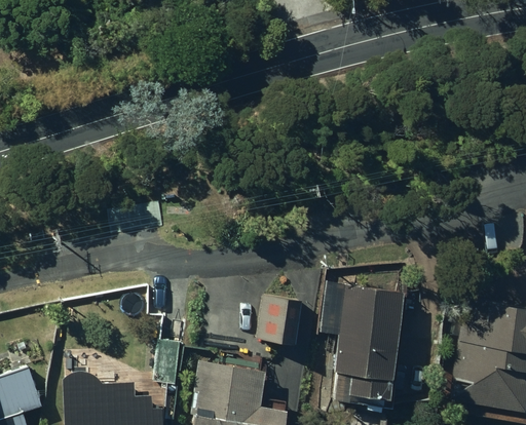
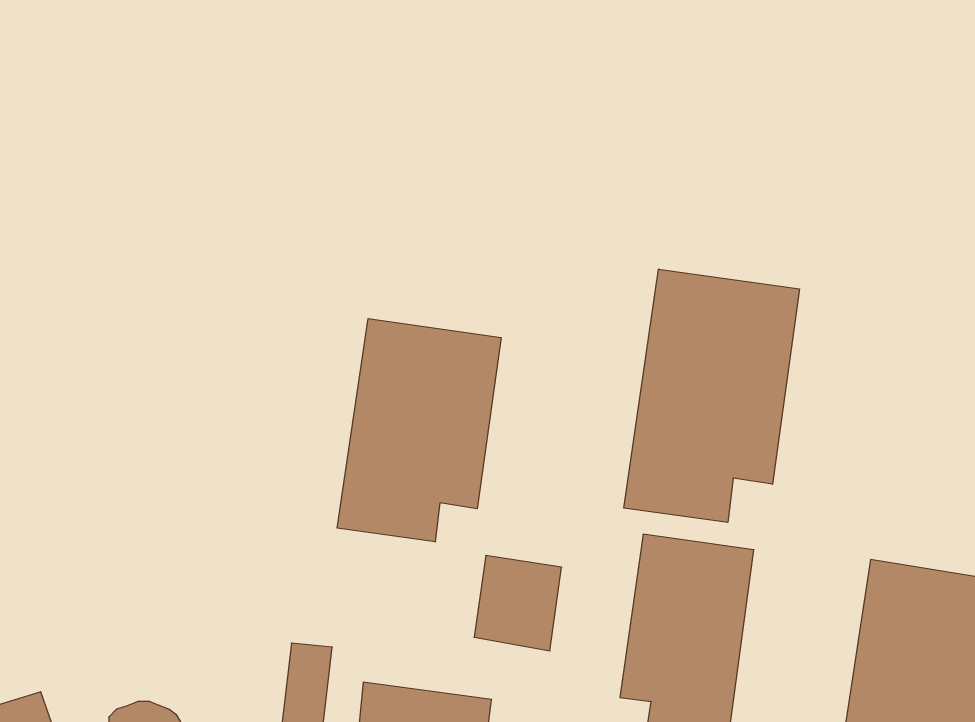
building: none -> [624,269,799,522]
building: none -> [337,319,501,542]

